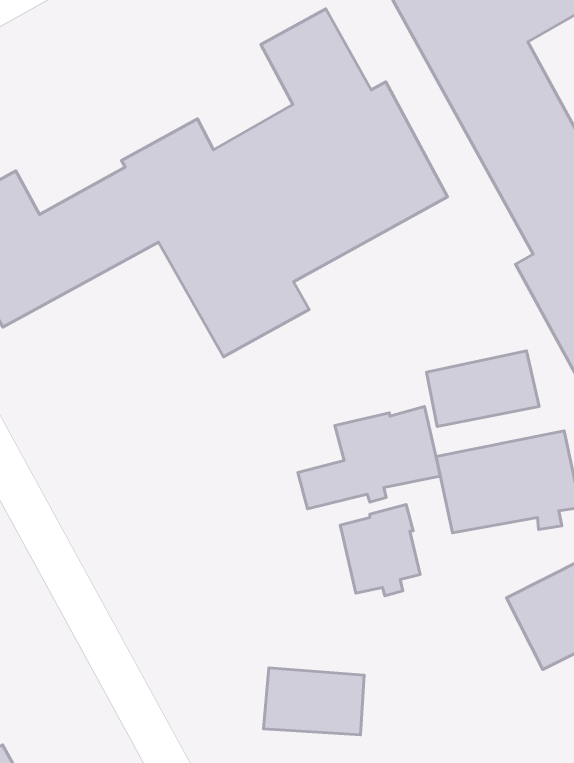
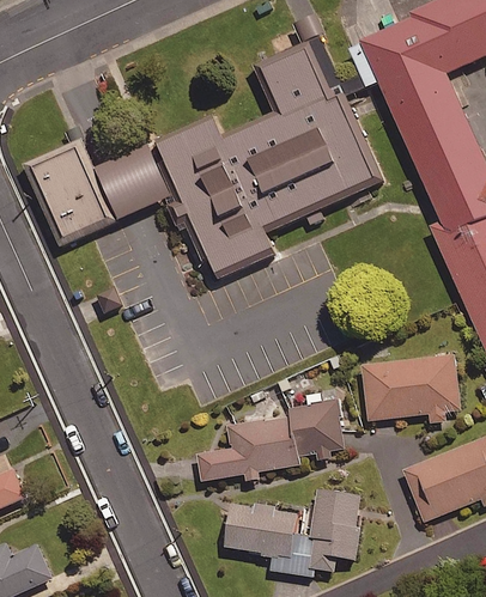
building: [426,351,539,427] -> none
building: [298,407,440,509] -> [198,415,298,481]
building: none -> [310,488,362,572]

